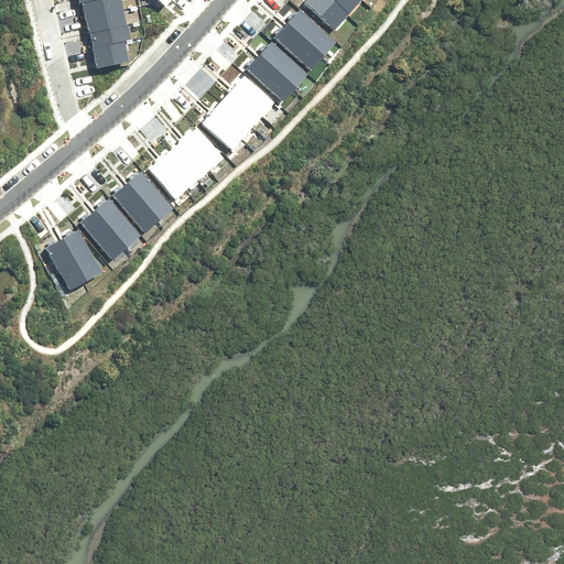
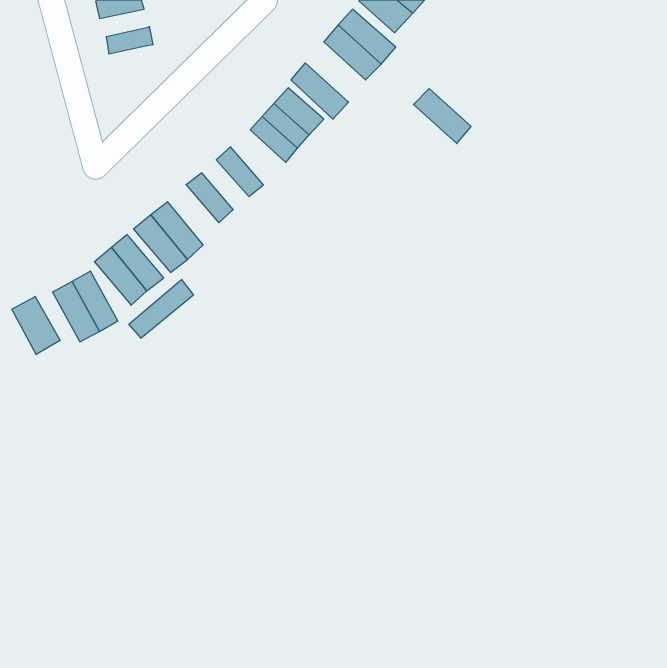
building: [86,9,127,32] -> none
building: [93,40,129,67] -> none
building: [259,41,307,87] -> [413,89,471,144]
building: [202,110,242,150] -> none
building: [172,135,212,177] -> none
building: [147,156,186,199] -> none
building: none -> [129,280,193,338]
building: none -> [12,296,60,355]

